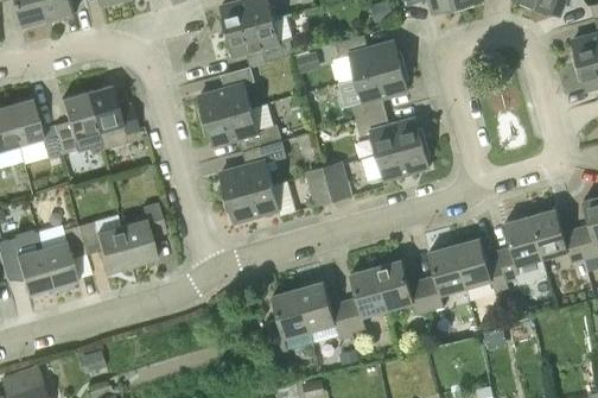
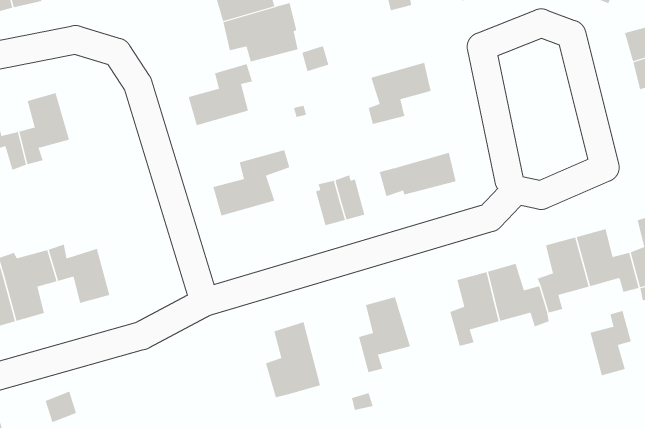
building: [332,36,401,83] -> none
building: [85,86,140,151] -> none
building: [205,108,281,152] -> none
building: [356,113,422,157] -> none
building: [227,185,279,223] -> none
building: [121,204,165,266] -> none
building: [376,260,431,315] -> none
building: none -> [590,310,631,376]
building: [298,282,352,343] -> none

